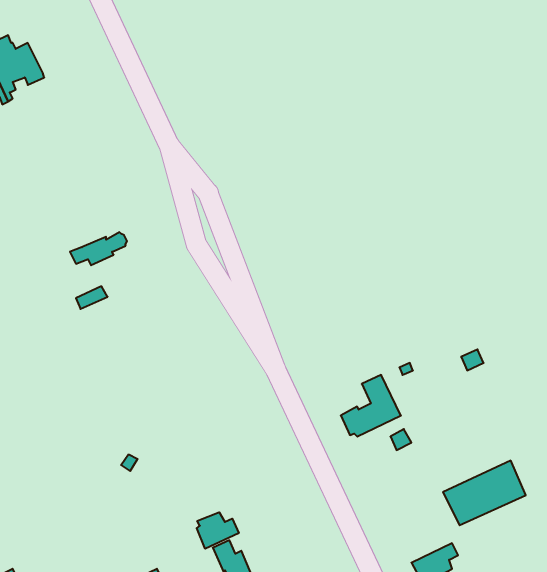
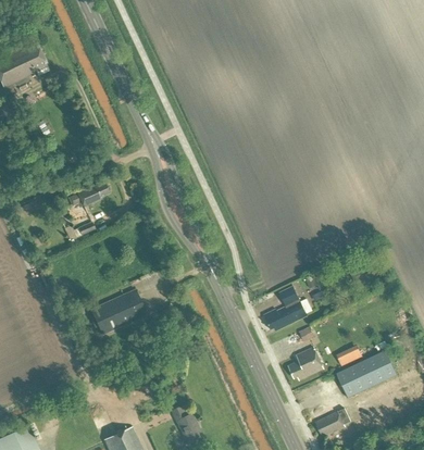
building: none -> [90,289,147,335]
building: none -> [288,347,324,378]
building: [197,512,239,549] -> none

